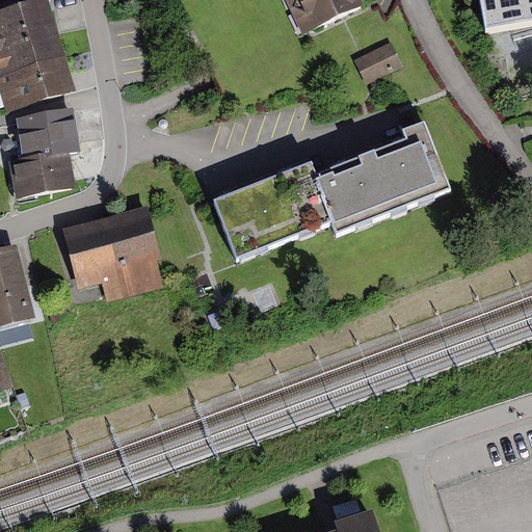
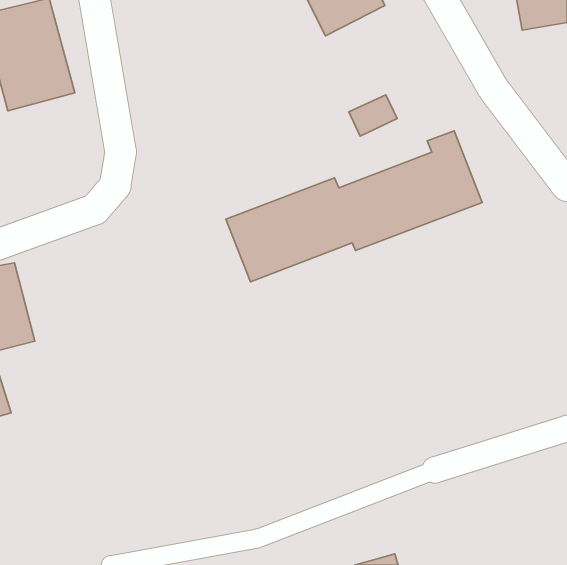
building: [354,41,399,79] -> [349,95,397,136]
building: [9,111,81,194] -> none
building: [63,207,161,301] -> none

